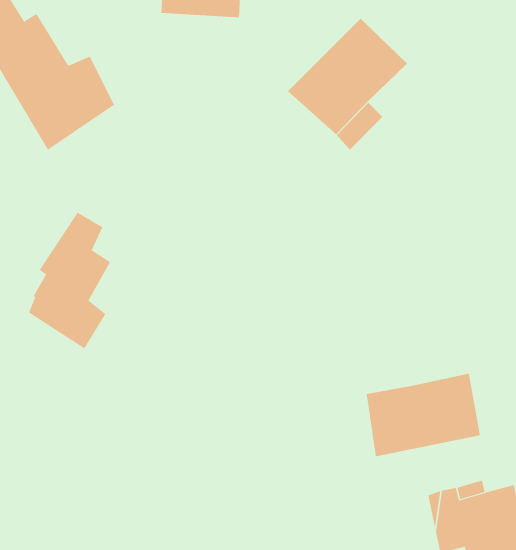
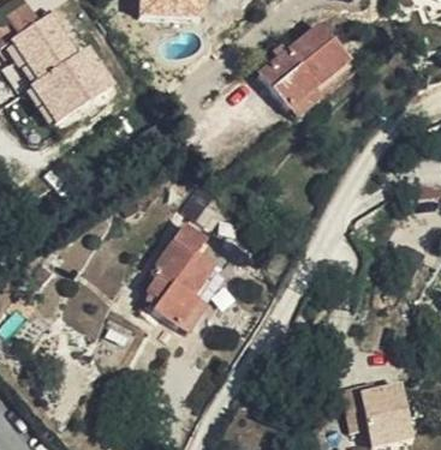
building: [28,212,111,349] -> [142,220,207,328]
building: [366,373,481,457] -> none

